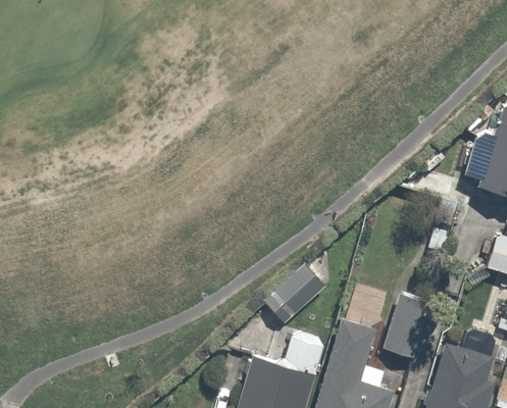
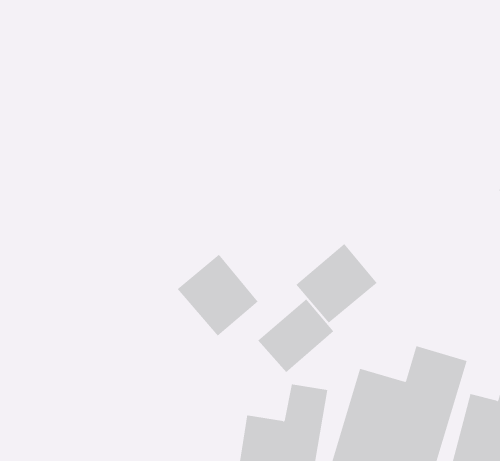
building: none -> [296,243,377,323]
building: none -> [177,254,259,337]

